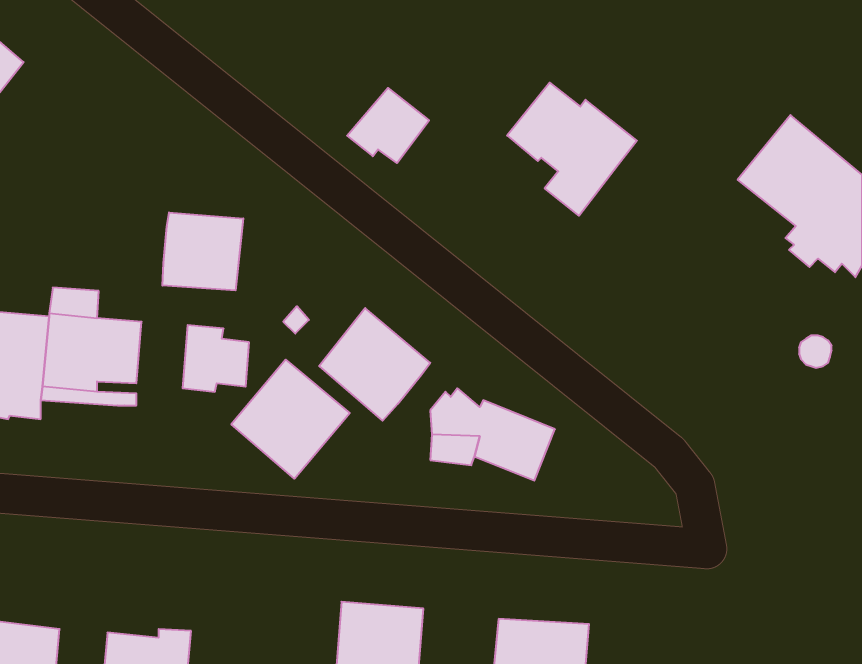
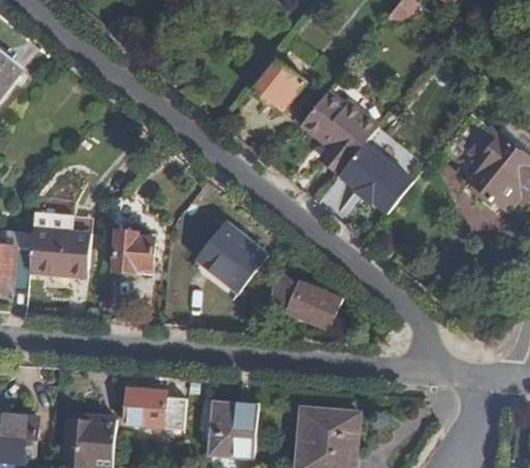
building: [347,88,429,163] -> [260,58,310,104]
building: none -> [349,138,423,209]
building: [162,212,243,290] -> none
building: [231,360,350,479] -> none
building: none -> [123,392,184,431]

